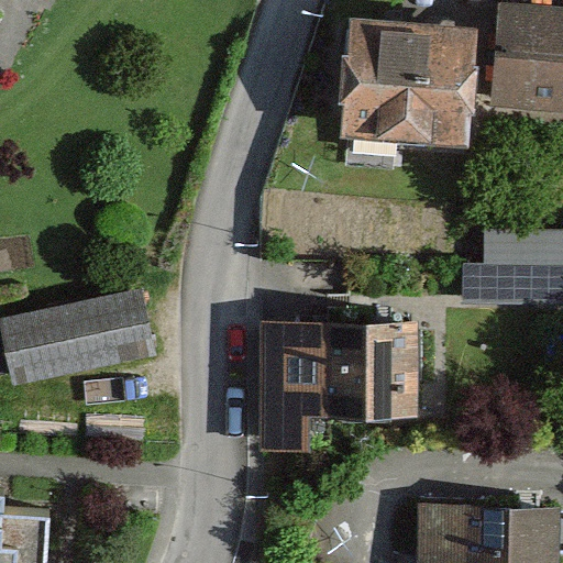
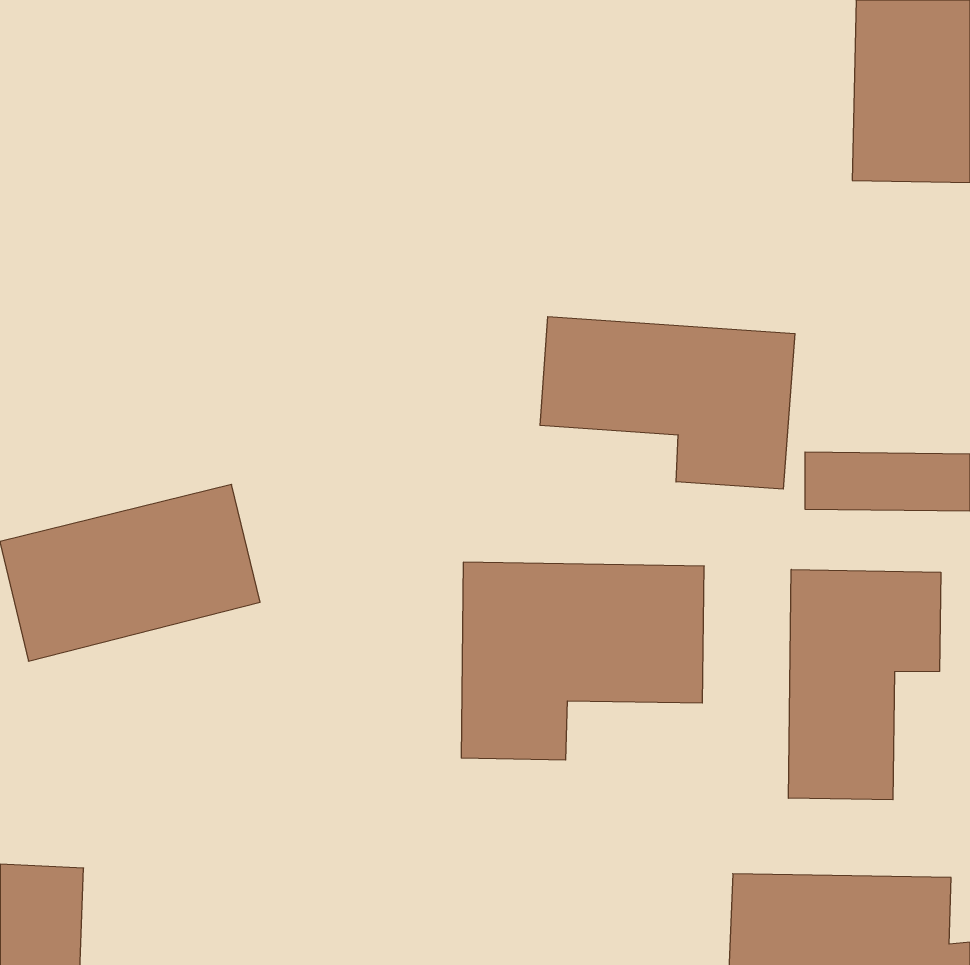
building: [351,27,467,134] -> none
building: none -> [540,317,795,489]
building: none -> [788,569,941,800]

